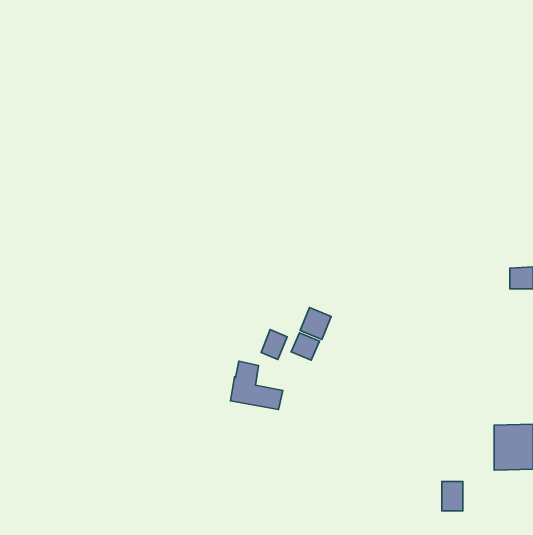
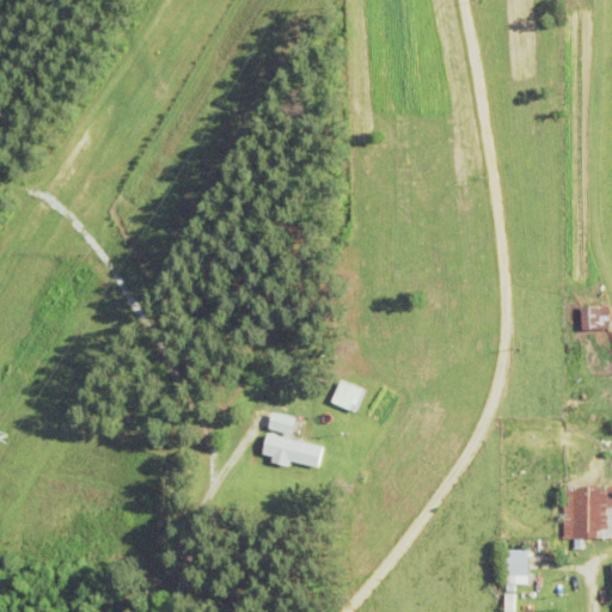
building: [300,307,331,339] -> none
building: [261,330,287,359] -> none

